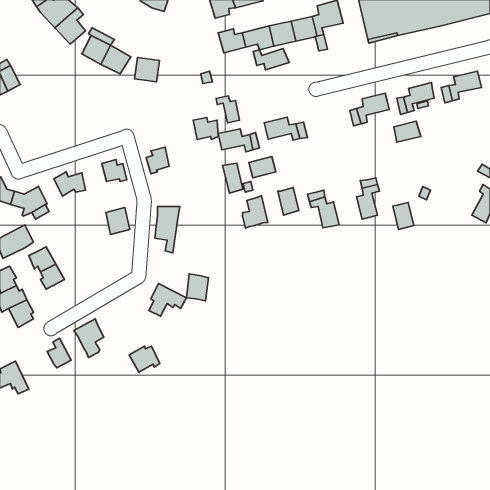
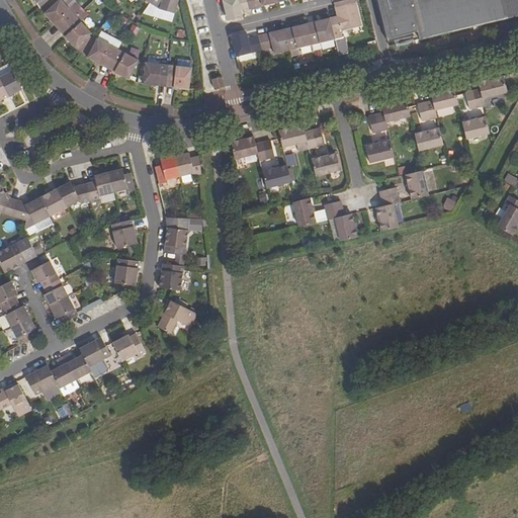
building: [253,49,289,70] -> none
building: none -> [165,58,191,88]
building: [216,96,240,123] -> none
building: none -> [462,116,489,139]
building: [193,117,218,139] -> [174,152,200,175]
building: none -> [365,140,394,162]
building: none -> [311,153,339,175]
building: [223,163,243,193] -> none
building: none -> [86,172,112,200]
building: none -> [40,188,66,214]
building: [242,196,268,228] -> none
building: [393,202,414,229] -> [406,170,428,198]
building: none -> [113,258,138,284]
building: [186,274,208,301] -> [159,262,182,290]
building: none -> [49,294,78,323]
building: none -> [63,352,91,379]
building: none -> [24,364,57,395]
building: [129,346,160,372] -> [113,332,146,359]

